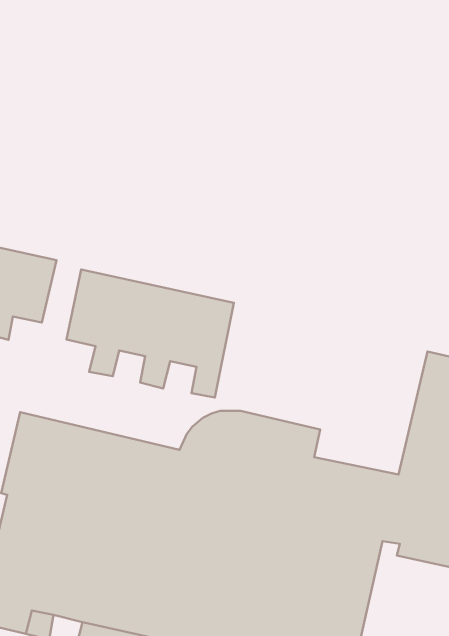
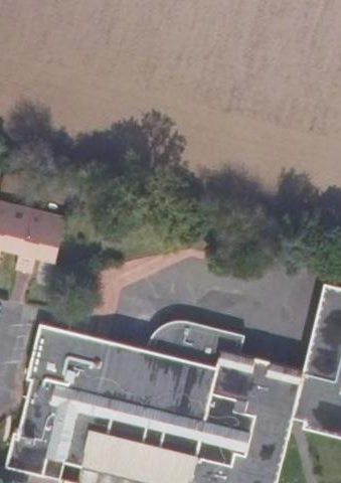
building: [67,269,234,398] -> none

